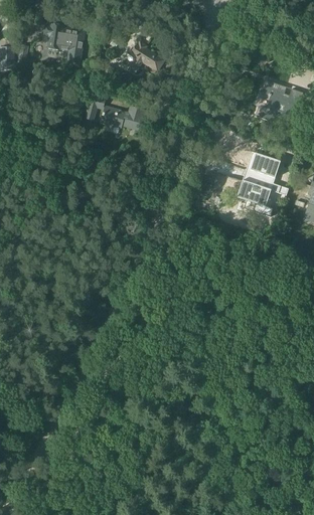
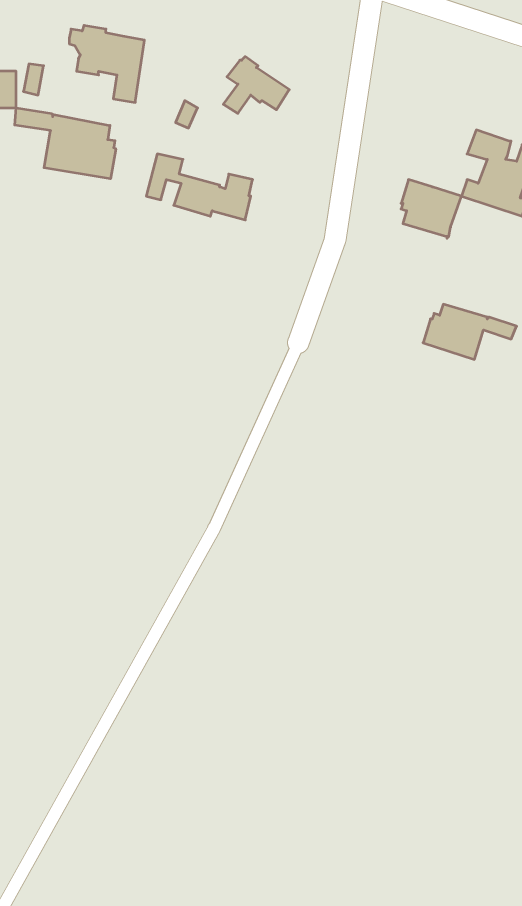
building: none -> [15,108,116,179]
building: [248,153,281,185] -> [401,180,462,238]

